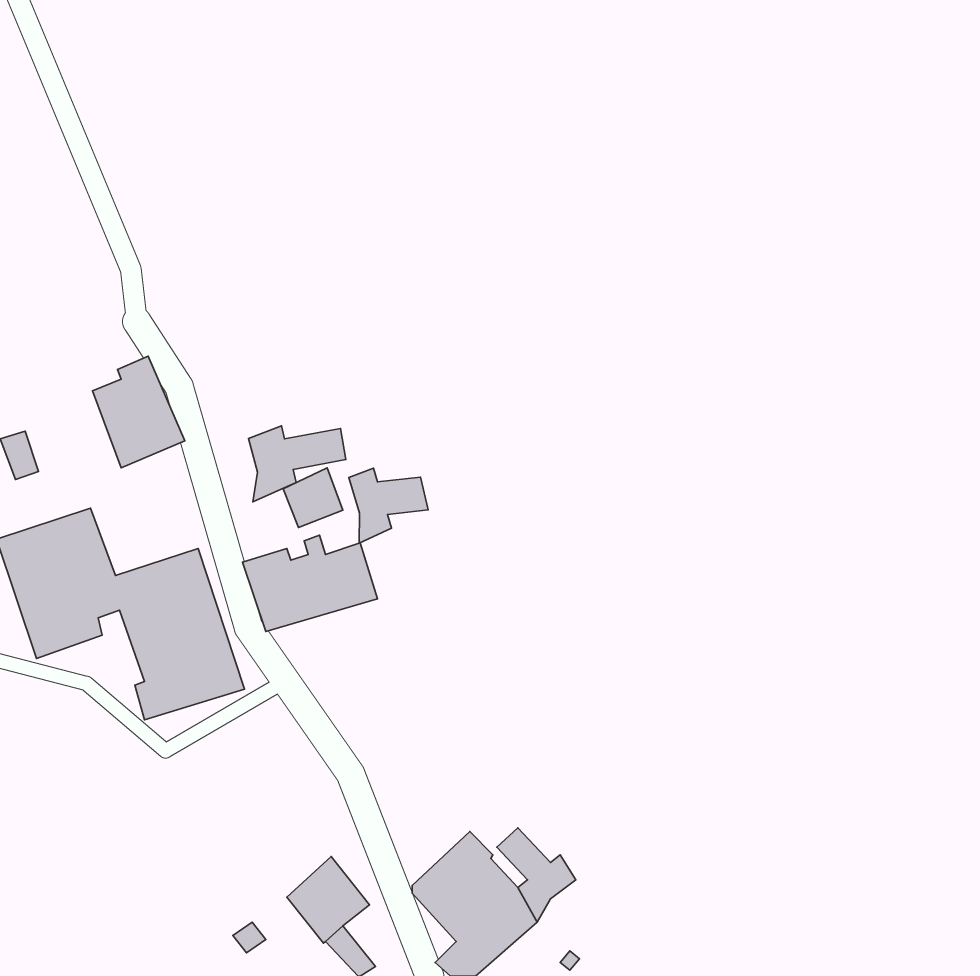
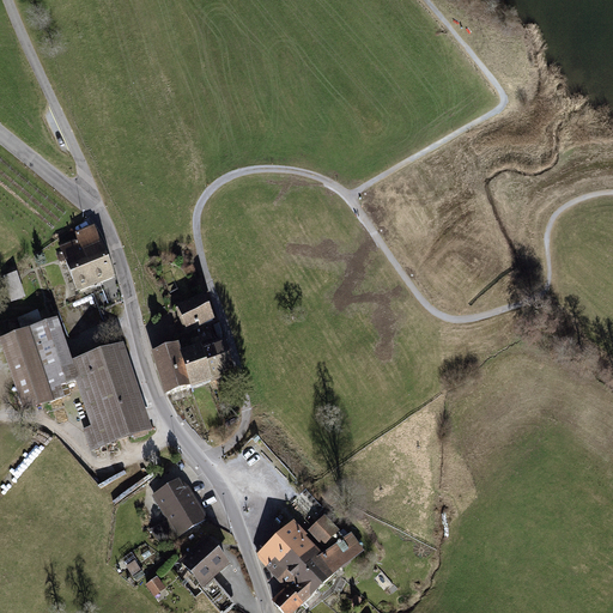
building: [249,426,346,502] -> none
building: [349,468,428,543] -> none
building: none -> [150,475,206,534]

